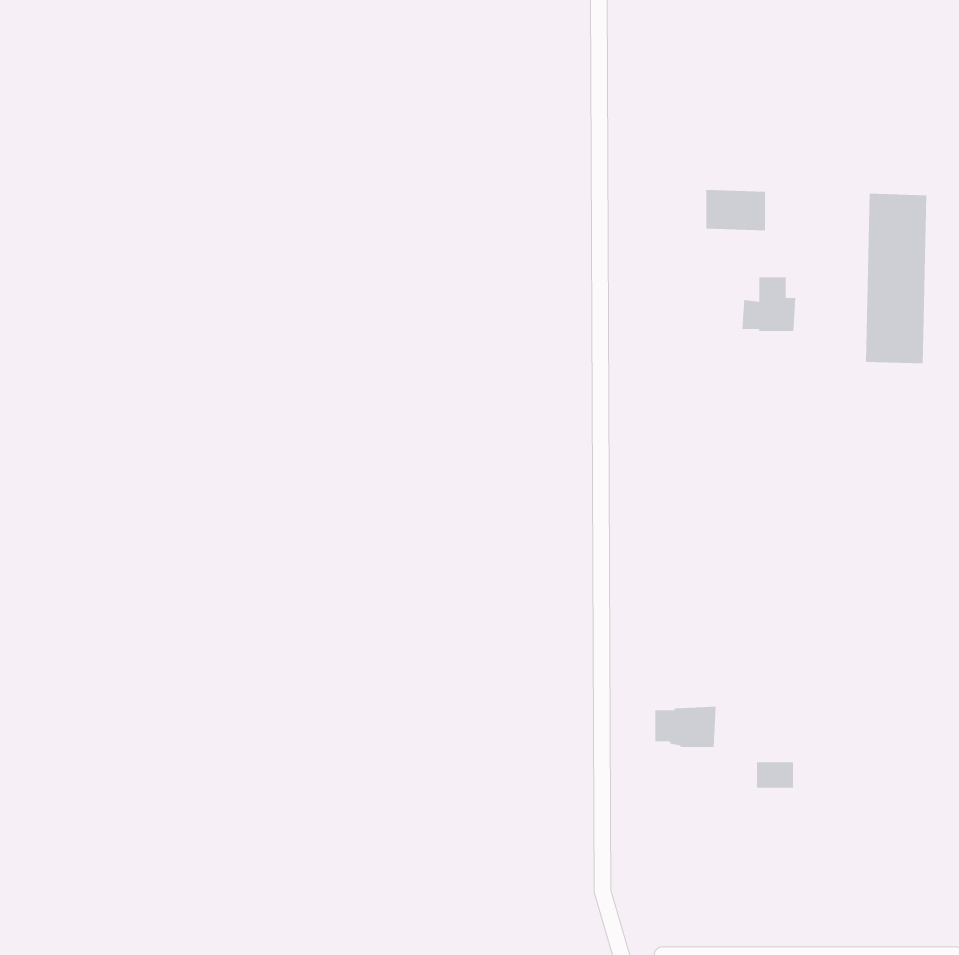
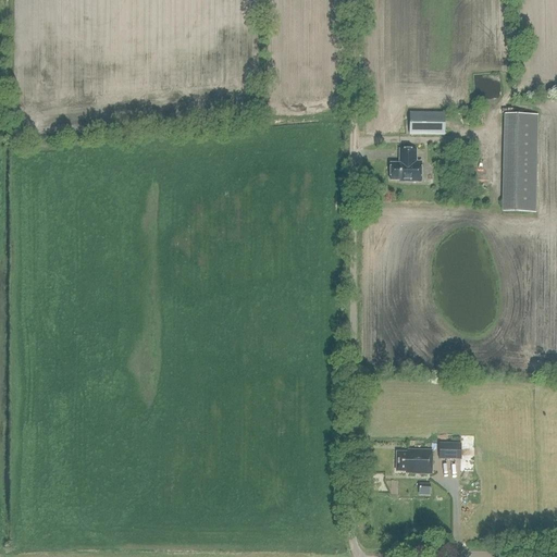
building: [742,277,796,331] -> [389,148,421,180]
building: [654,706,716,747] -> [396,448,432,472]

